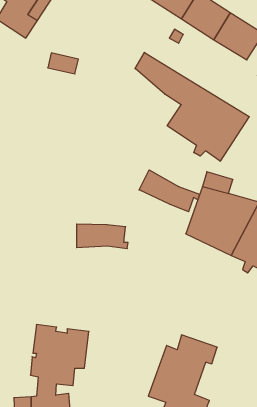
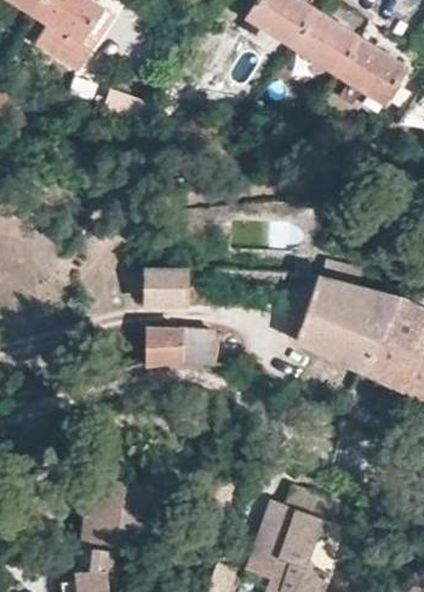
building: [135,52,249,161] -> none
building: [139,170,200,212] -> none
building: none -> [147,270,185,301]

